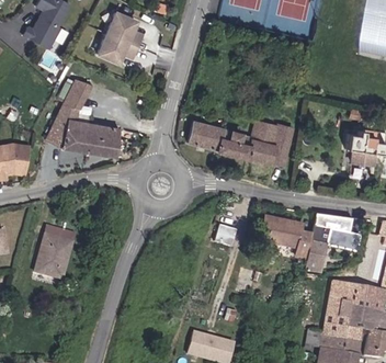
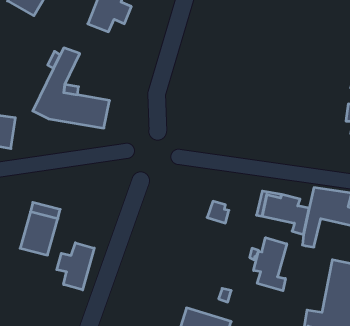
building: [189,121,293,165] -> none
building: none -> [254,238,287,291]
building: none -> [57,243,94,290]

